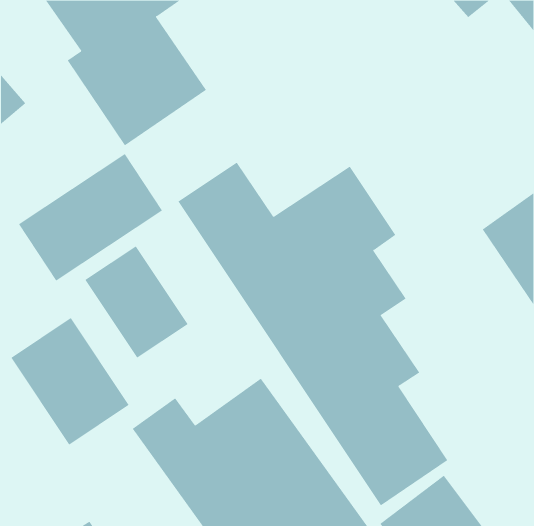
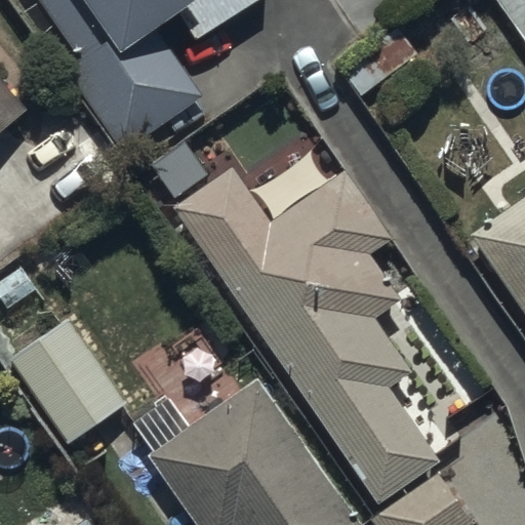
building: [18,153,163,282] -> none
building: [85,246,189,359] -> none

